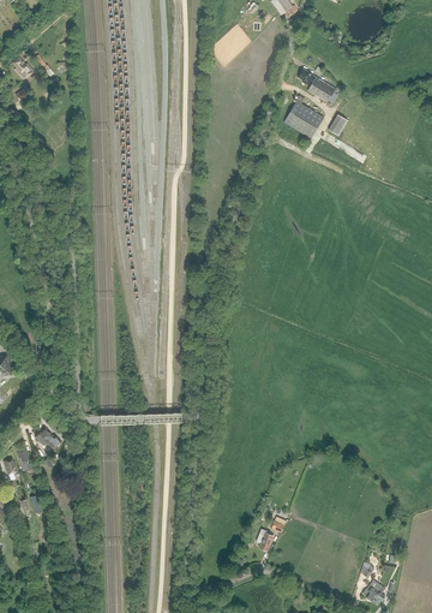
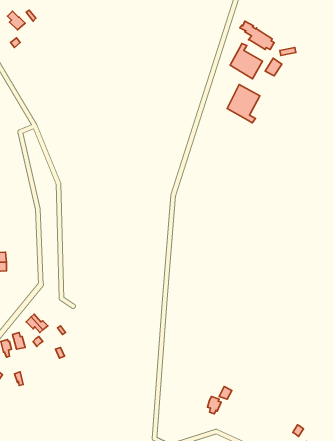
building: none -> [227,84,260,123]

